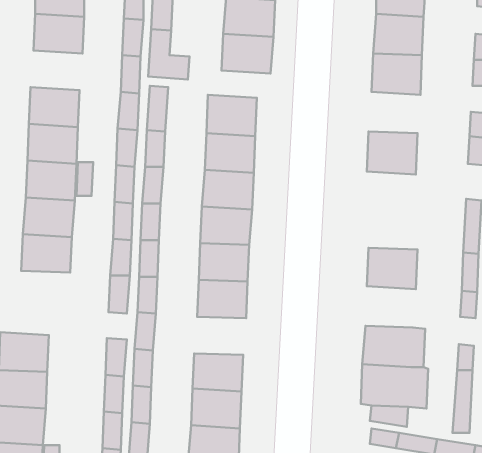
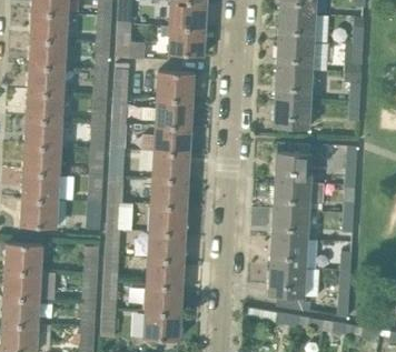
building: none -> [29,39,67,68]
building: none -> [275,69,313,99]
building: none -> [275,152,313,183]
building: none -> [21,199,58,228]
building: none -> [273,210,309,240]
building: none -> [148,232,186,260]

